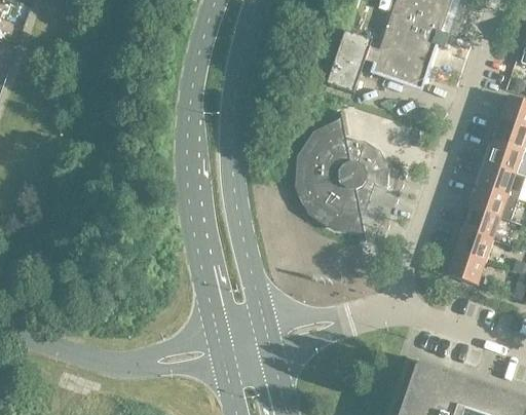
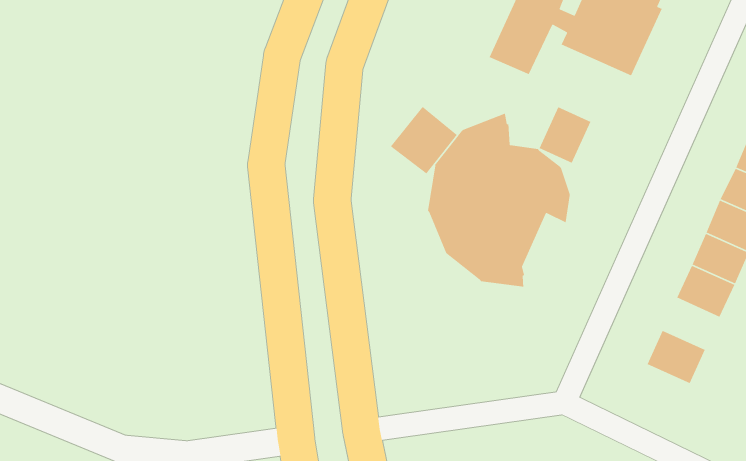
building: none -> [538,106,591,164]
building: none -> [390,106,458,175]
building: [455,230,492,262] -> none

